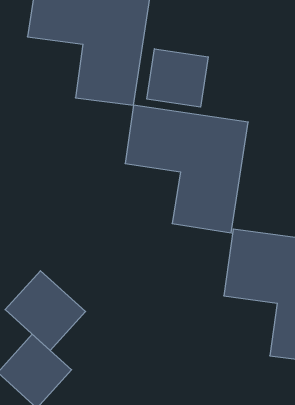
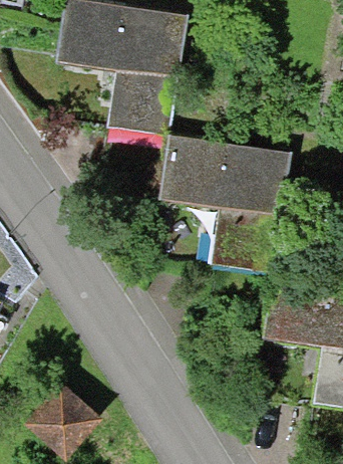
building: [147,49,208,107] -> none
building: [5,271,86,351] -> none

